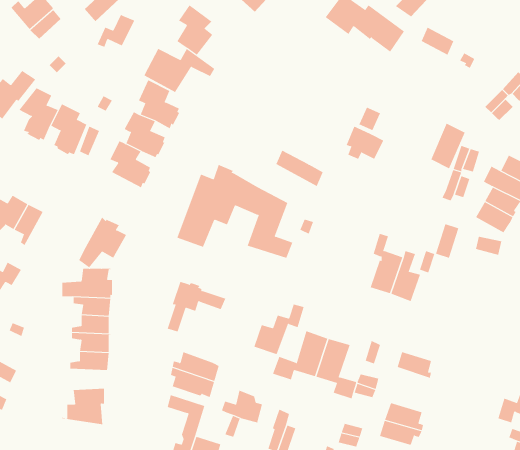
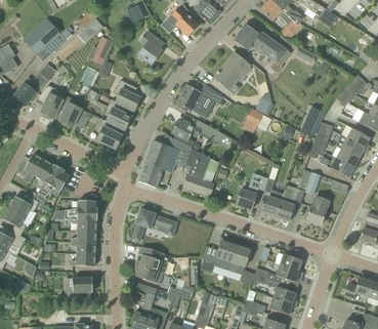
building: none -> [213,53,250,89]
building: [143,48,215,93] -> [177,84,223,113]
building: none -> [172,120,200,148]
building: [78,215,128,268] -> [38,163,70,197]
building: none -> [305,196,329,224]
building: [253,304,304,355] -> [236,175,268,208]
building: none -> [274,263,303,284]

